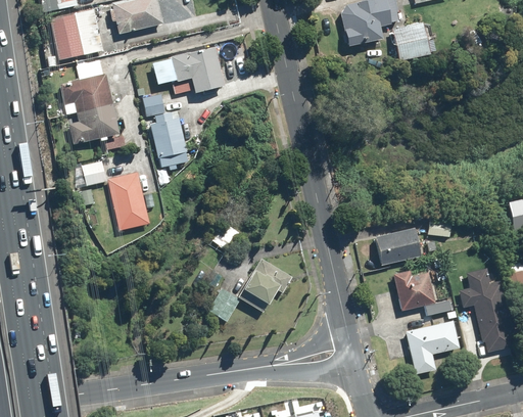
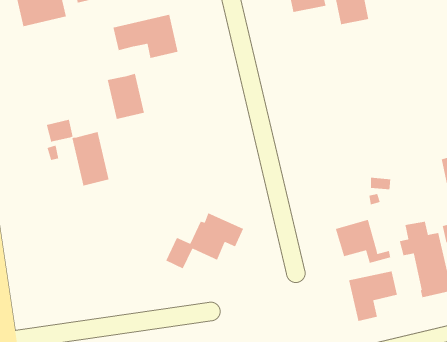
building: [59,77,115,145] -> none
building: [142,93,167,118] -> none
building: [375,225,425,266] -> none

